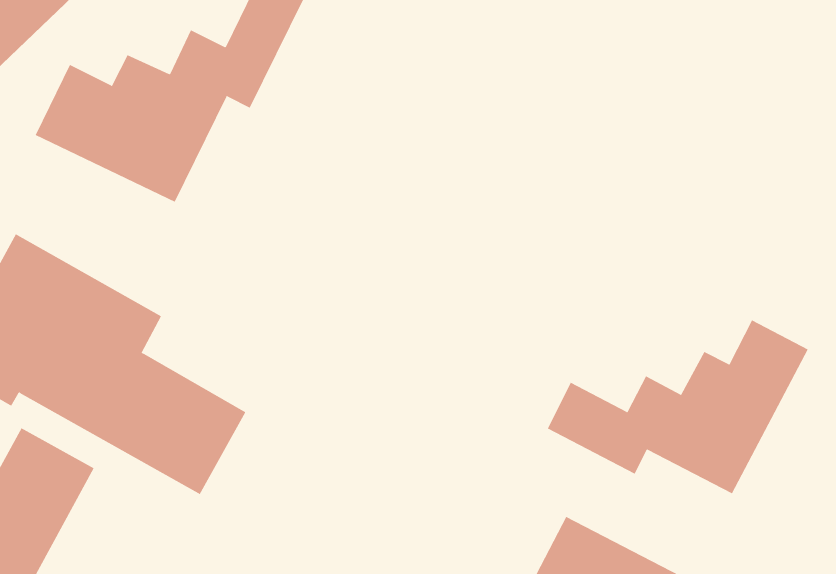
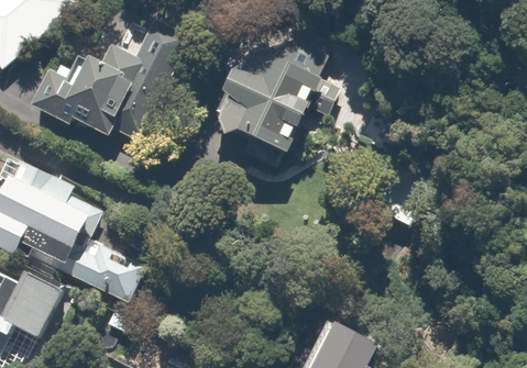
building: none -> [218,35,331,166]
building: [547,320,809,494] -> none

